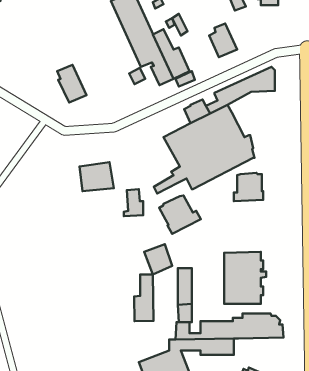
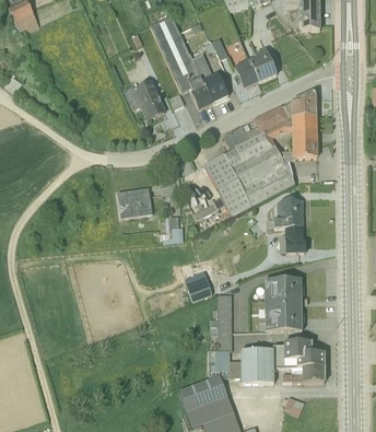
building: none -> [234,59,259,89]
building: [57,65,86,103] -> [136,80,165,118]
building: none -> [268,115,317,162]
building: [159,196,201,234] -> none
building: none -> [280,225,305,253]
building: [134,274,154,321] -> none
building: none -> [282,364,325,382]

